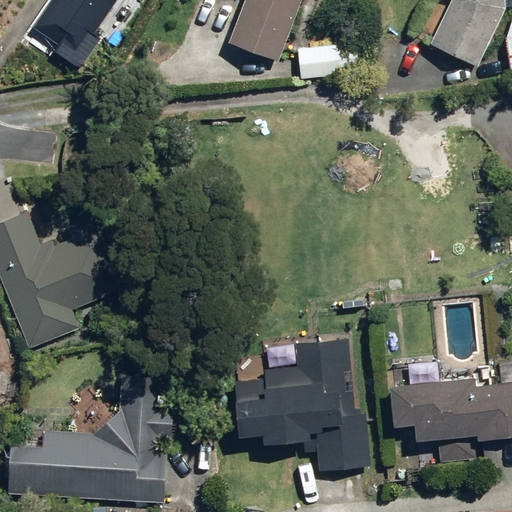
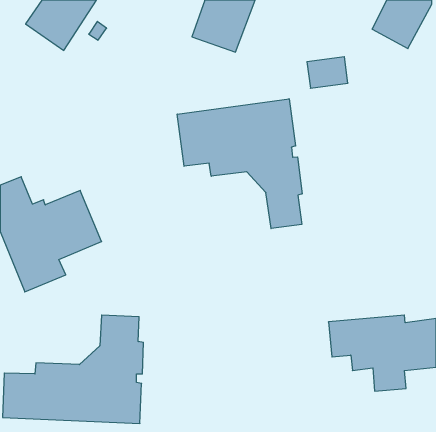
building: [296,48,344,85] -> [307,57,348,88]
building: none -> [177,99,302,229]
building: [231,338,369,470] -> none

